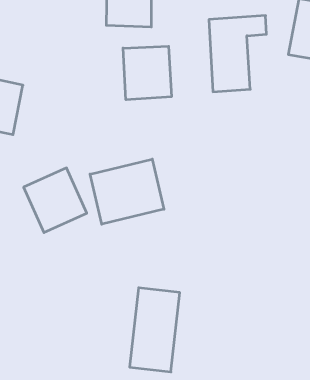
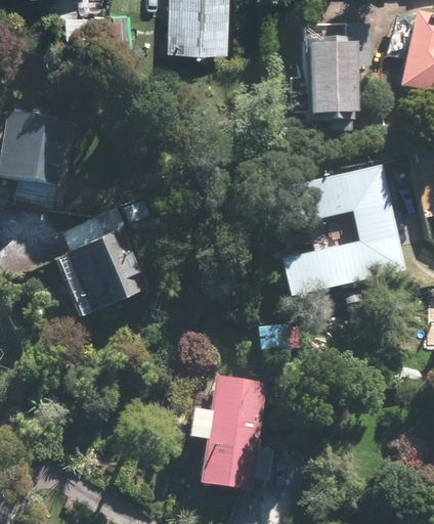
building: [123,46,171,100] -> none
building: none -> [264,169,401,293]
building: [90,159,164,224] -> none

